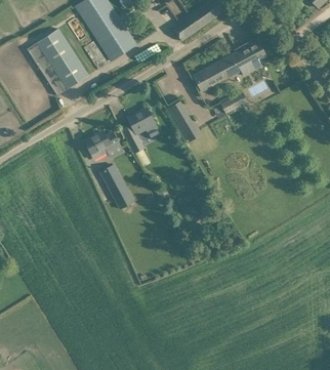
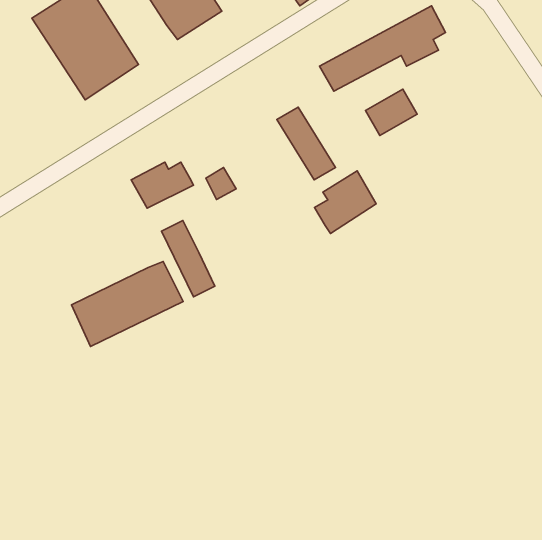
building: [127,109,158,134] -> none
building: none -> [315,171,376,233]
building: none -> [71,261,183,347]

